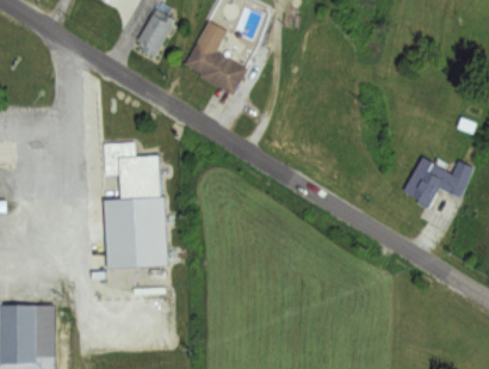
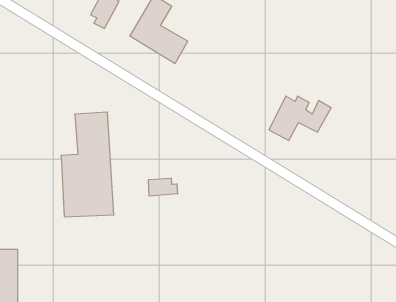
building: [403,155,473,205] -> [269,96,331,141]
building: none -> [148,178,177,196]

